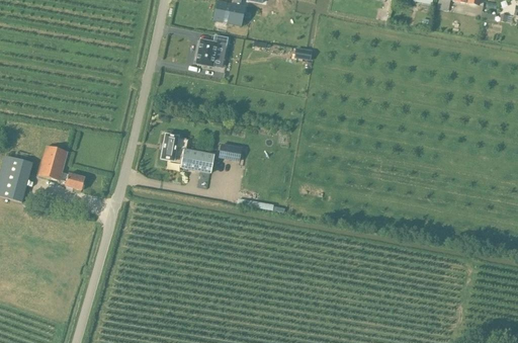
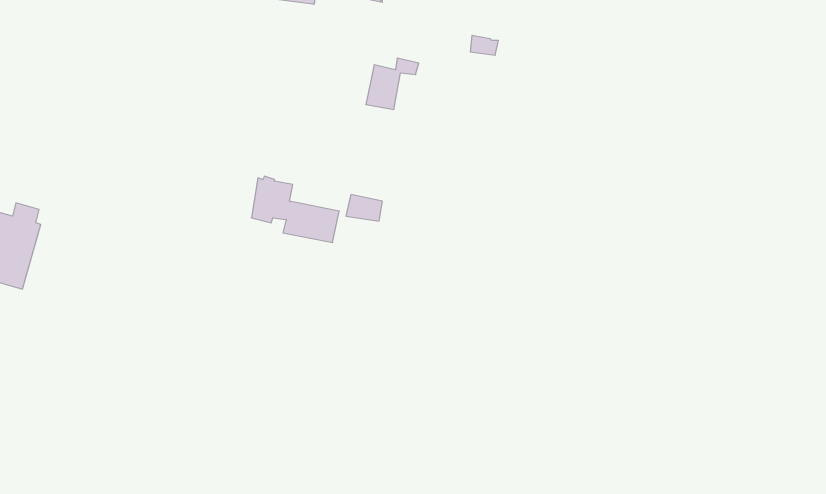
building: [195,34,228,66] -> [366,58,419,109]
building: [37,145,84,189] -> none

